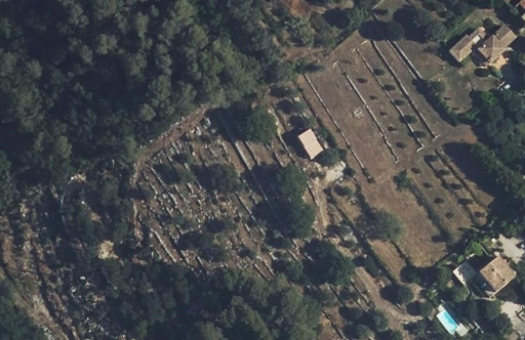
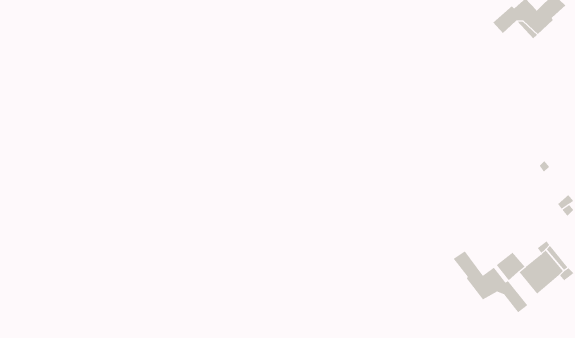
building: [297,127,324,158] -> none
building: none -> [453,251,528,313]

